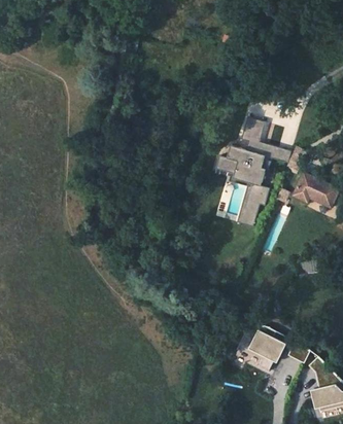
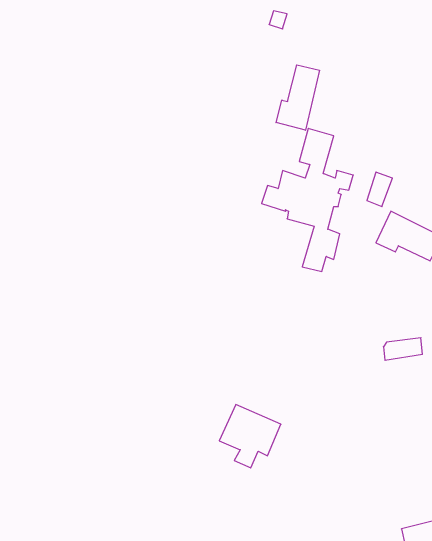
building: none -> [276,65,319,130]
building: [246,327,288,370] -> [219,405,281,468]

